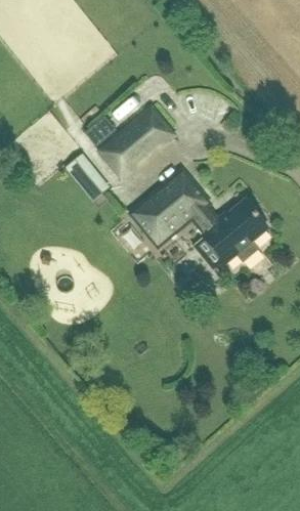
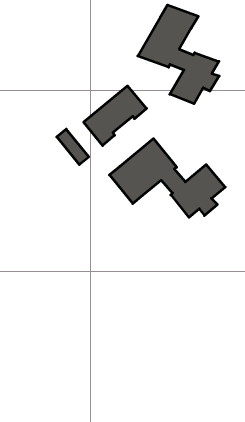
building: none -> [138,5,219,104]

